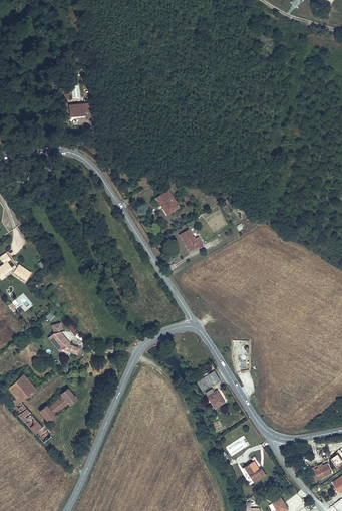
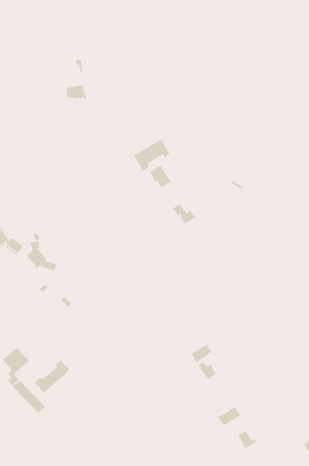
building: none -> [133,138,170,172]
building: [48,322,80,353] -> [26,241,57,271]

